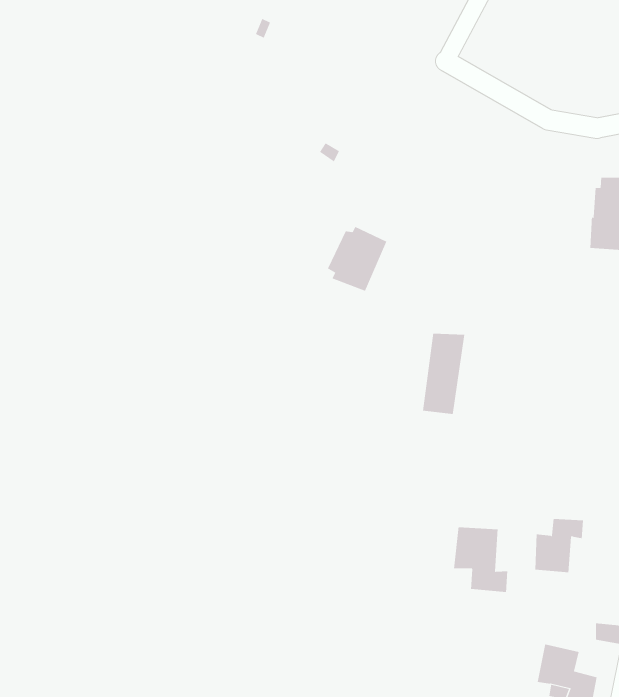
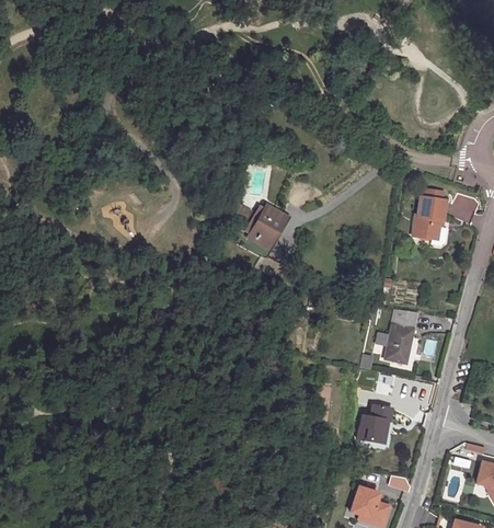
building: [422,333,465,414] -> [386,309,418,363]
building: [454,527,508,593] -> none

